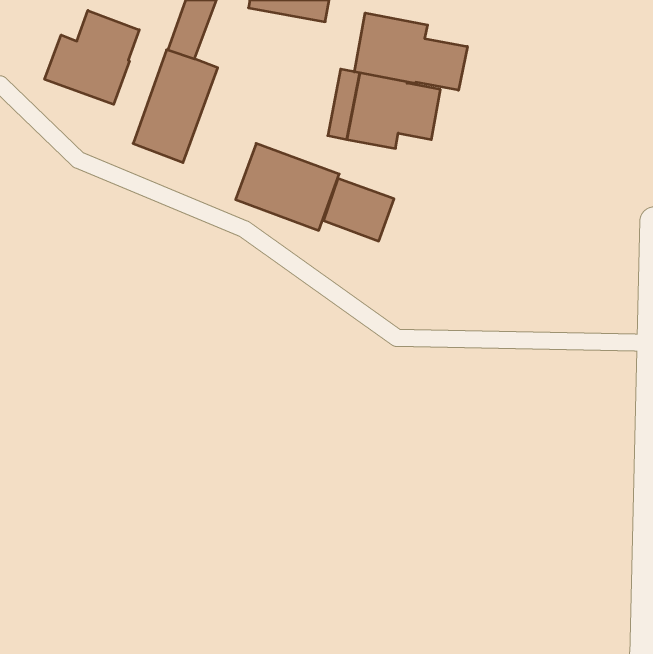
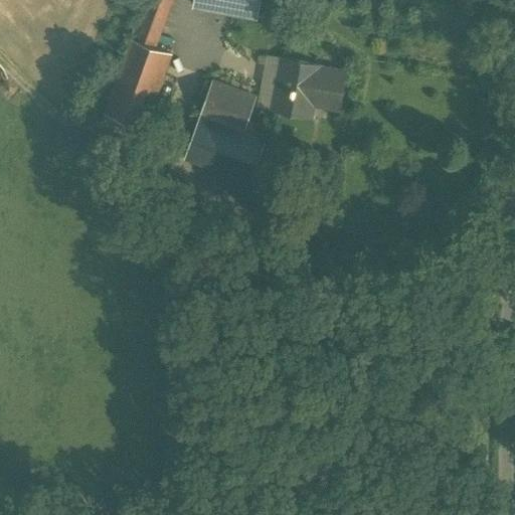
building: [45,10,139,104] -> none
building: [354,13,467,90] -> none
building: [324,178,394,241] -> [202,79,258,129]

